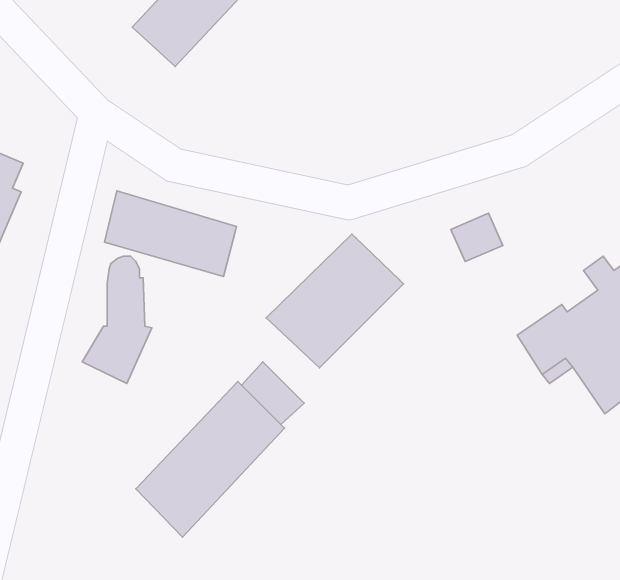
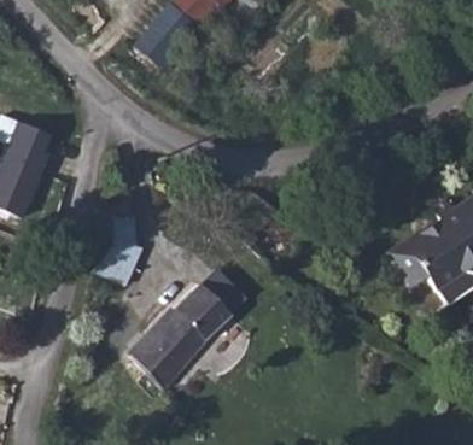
building: [104,191,236,277] -> none
building: [266,234,403,368] -> none

